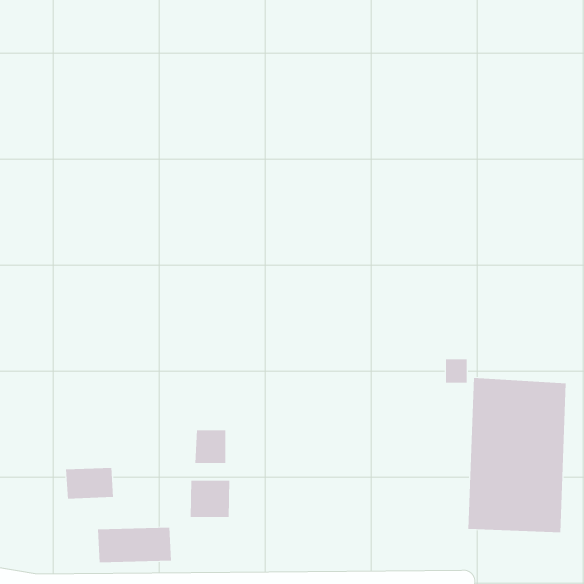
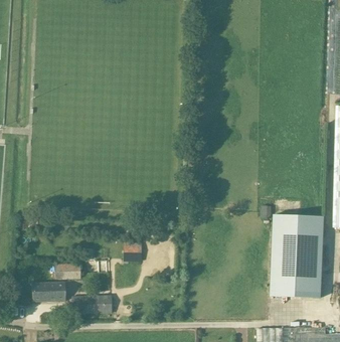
building: [190,480,230,518] -> none
building: none -> [32,282,64,301]

